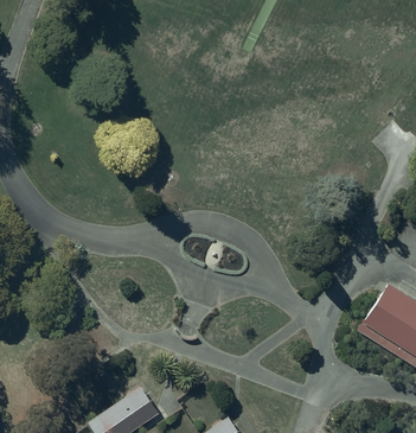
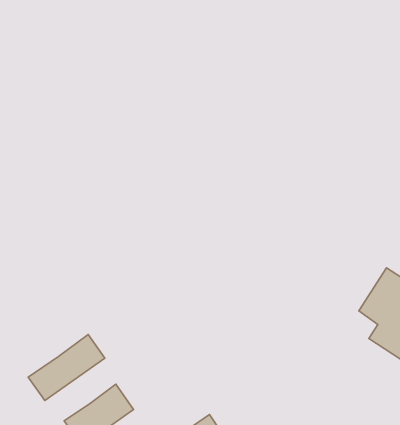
building: none -> [28,335,105,401]

